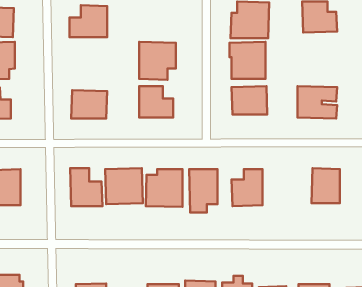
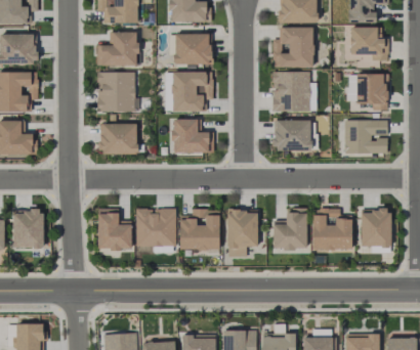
building: none -> [174,33,211,64]
building: none -> [97,71,136,112]
building: none -> [347,73,386,111]
building: none -> [311,208,352,250]

